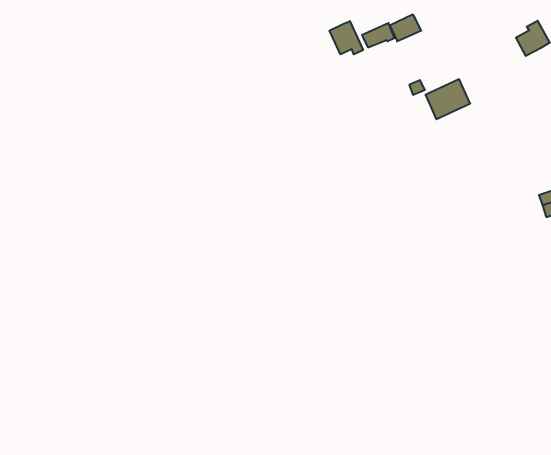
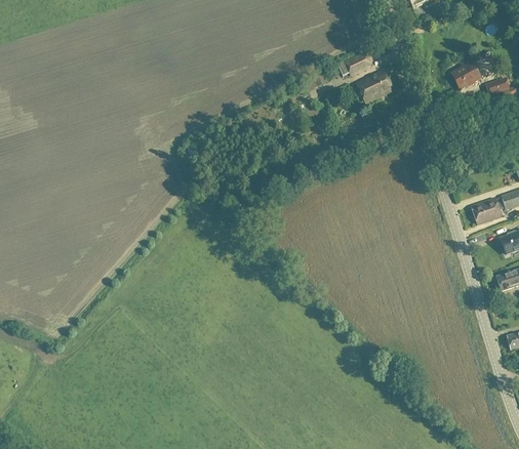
building: [329,21,363,54] -> none
building: [425,79,470,119] -> [357,70,395,104]

